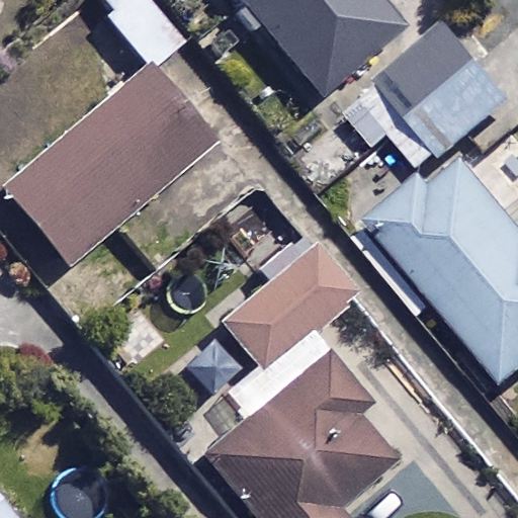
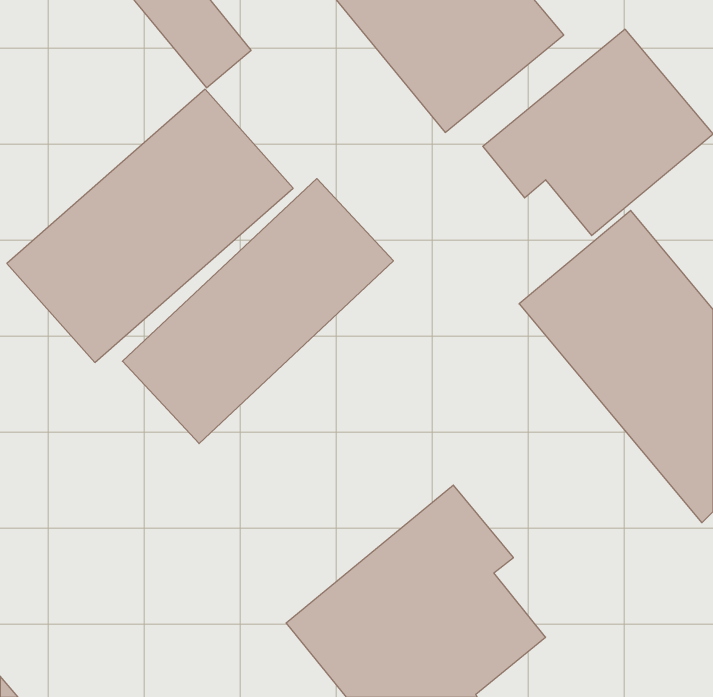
building: none -> [122,179,393,444]
building: [220,246,346,369] -> none

